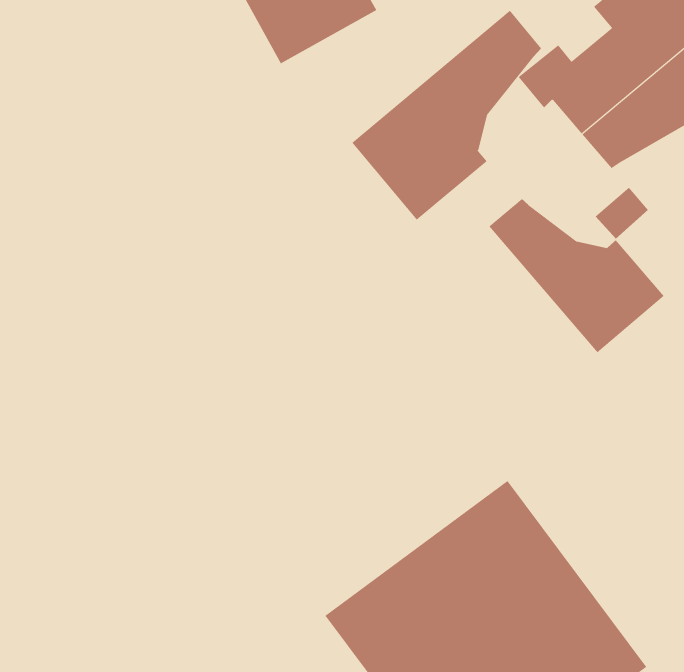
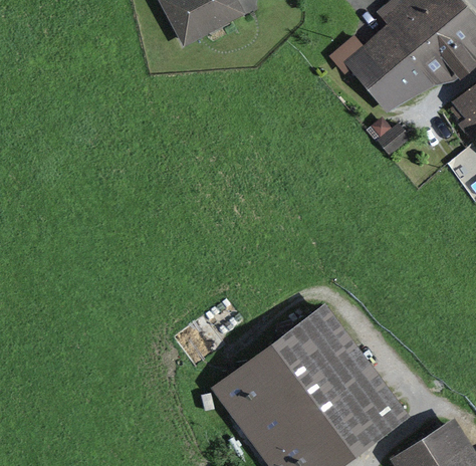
building: [352,10,542,221] -> none
building: [489,198,664,353] -> none

